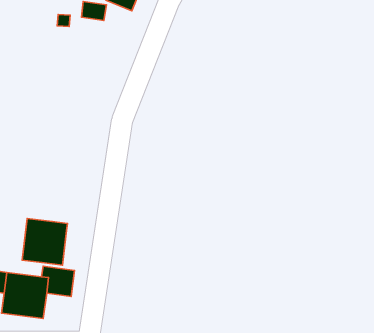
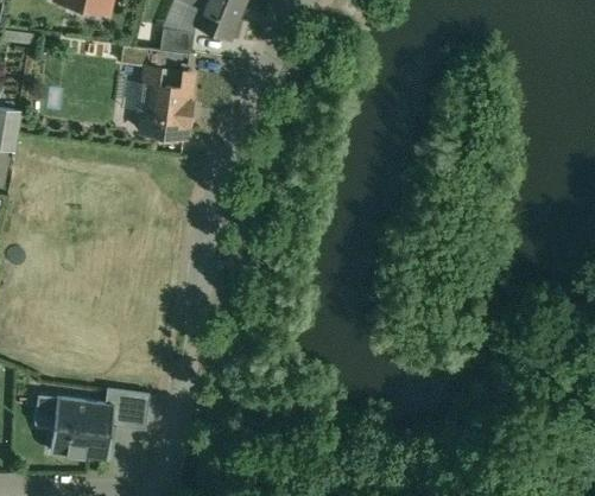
building: none -> [137,65,191,141]
building: [22,219,68,265] -> none

